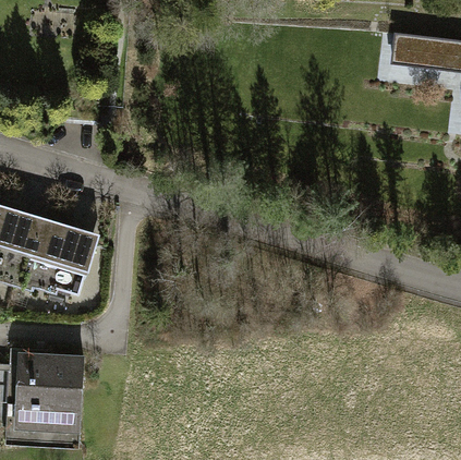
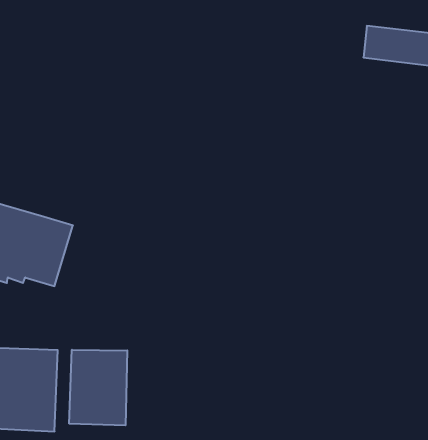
building: none -> [69,350,127,425]

